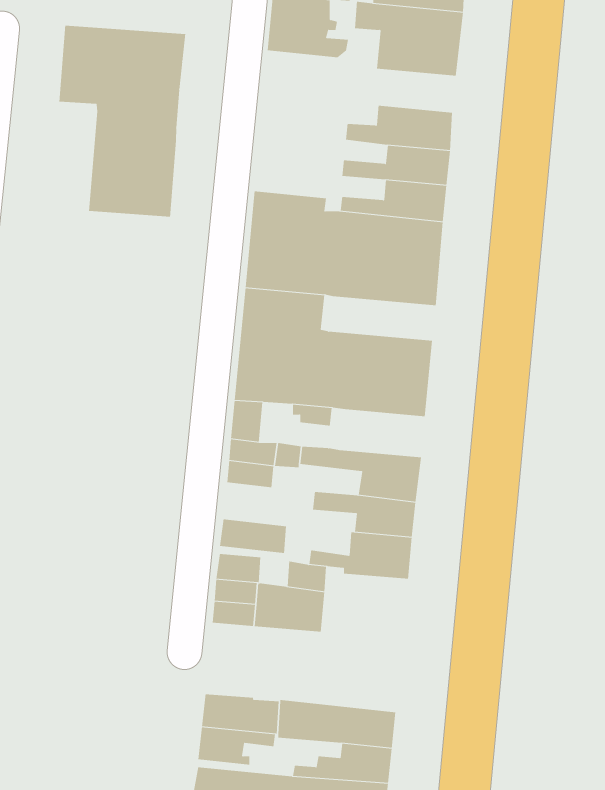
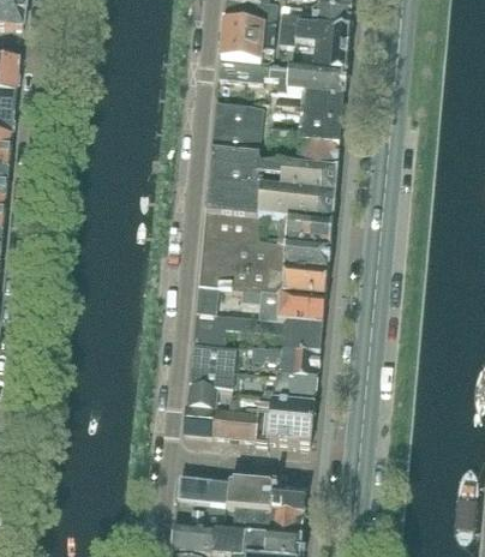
building: [59,25,186,217] -> none
building: none -> [216,60,345,98]
building: none -> [211,102,263,152]
building: none -> [261,217,331,246]
building: none -> [268,292,324,323]
building: none -> [191,345,236,369]
building: none -> [267,400,313,444]

